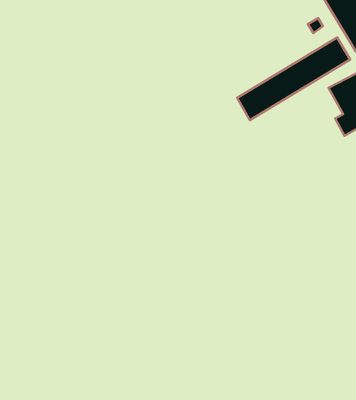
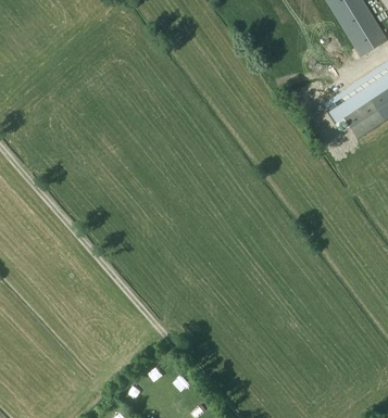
building: [237,38,350,120] -> none

